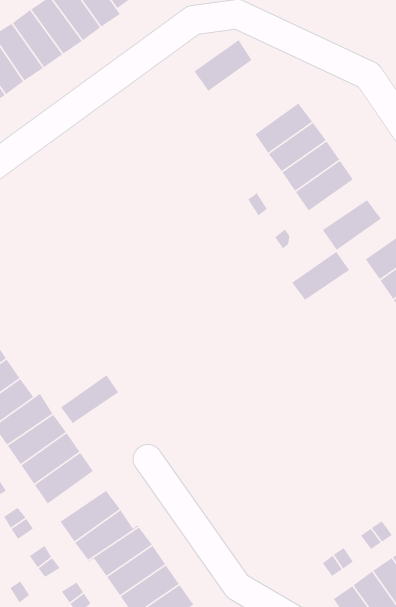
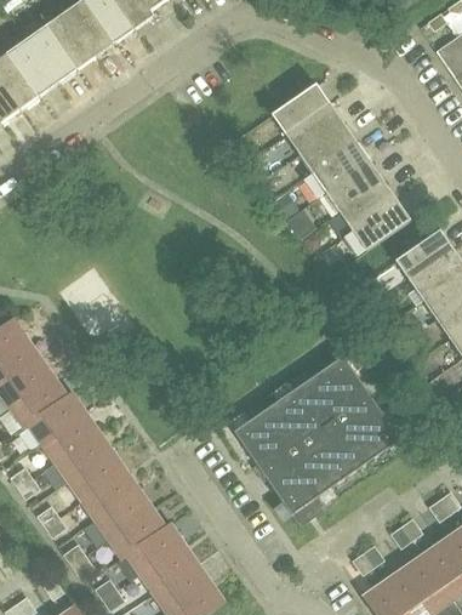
building: [194,39,252,92] -> [270,84,329,136]
building: [291,251,350,301] -> [338,181,397,230]
building: none -> [233,355,400,526]
building: [60,374,119,424] -> [80,469,138,519]

